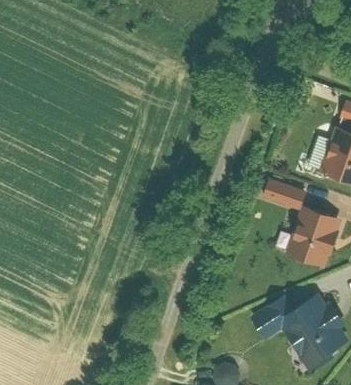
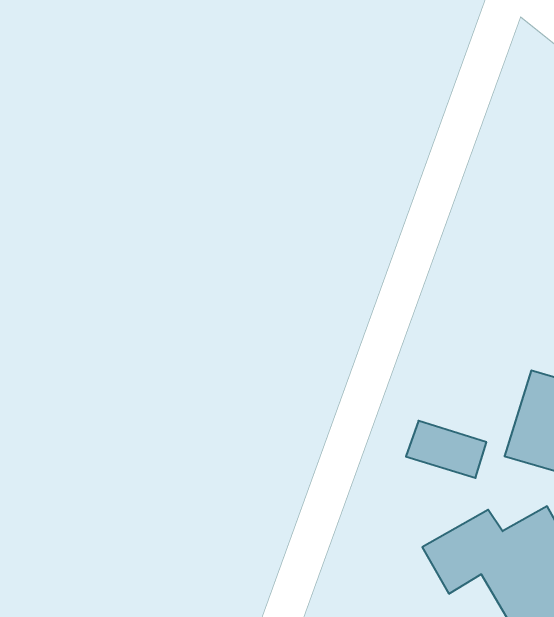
building: [261,181,306,213] -> [406,421,486,478]

